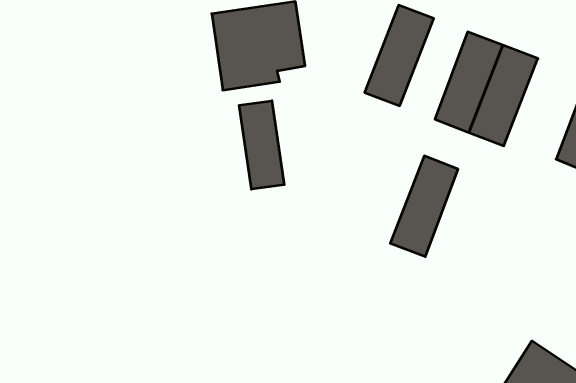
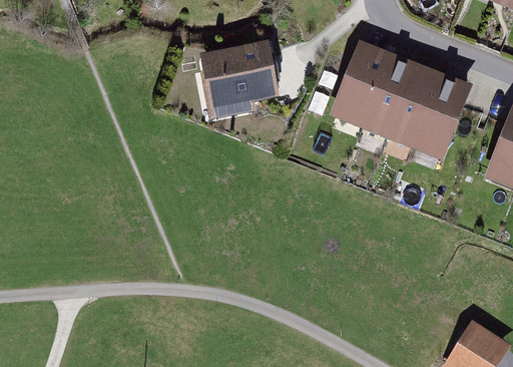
building: [239,101,284,189] -> none
building: [390,156,458,257] -> [359,51,415,134]

